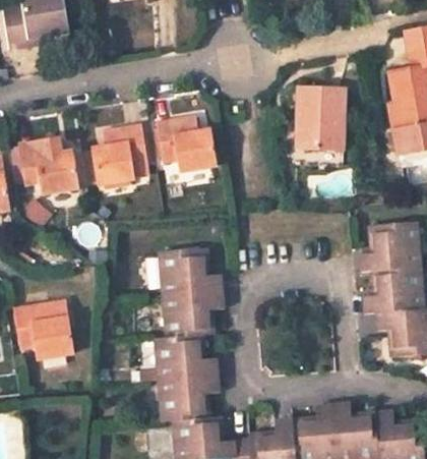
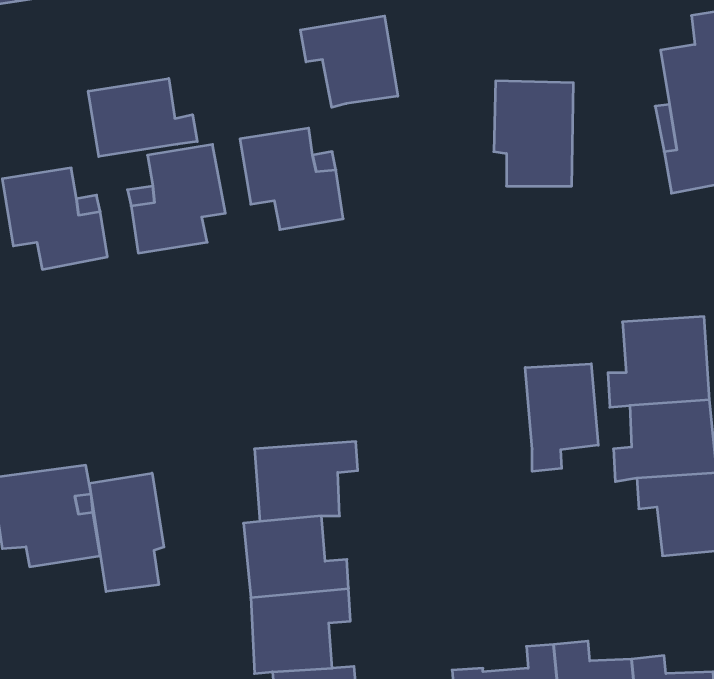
building: none -> [300,16,398,107]
building: none -> [88,78,197,157]
building: [161,247,220,296] -> none
building: none -> [525,364,598,471]
building: none -> [89,473,164,592]

